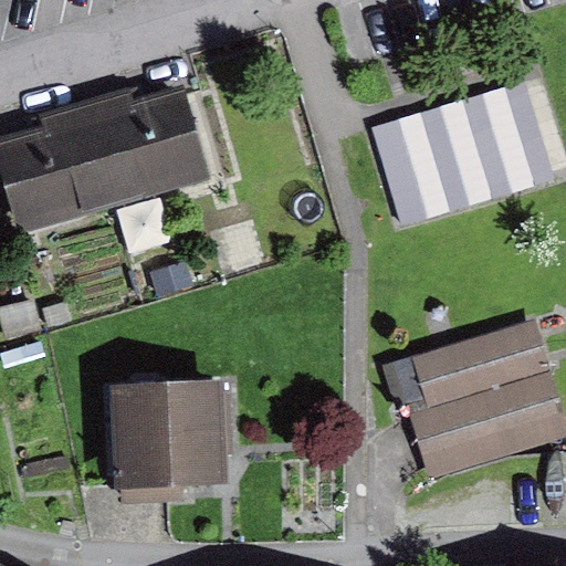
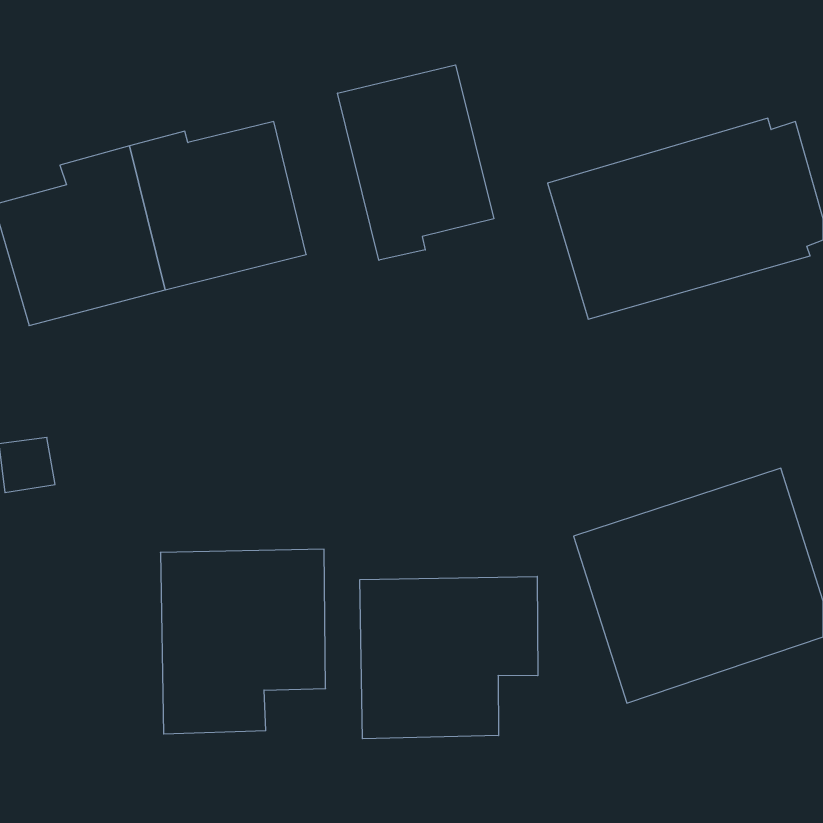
building: none -> [338,65,494,260]
building: none -> [360,576,538,739]

